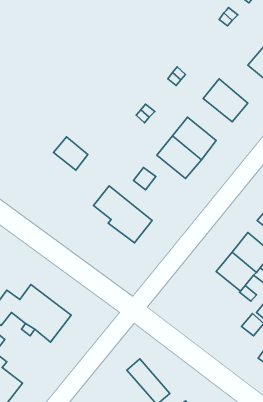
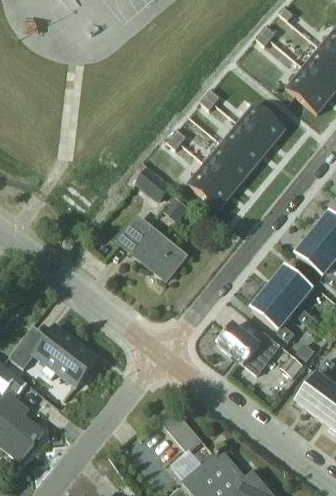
building: none -> [221,123,269,168]
building: [53,137,88,170] -> [134,166,171,202]
building: none -> [215,322,276,374]

